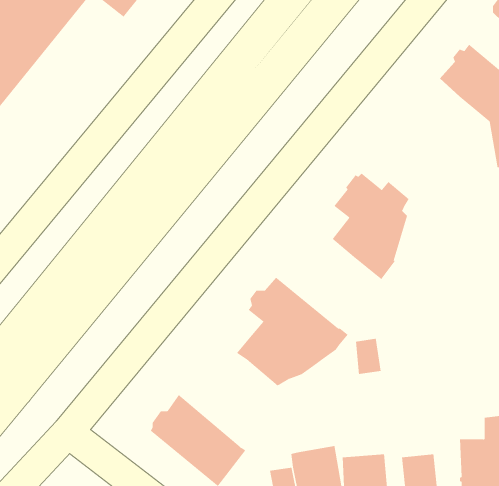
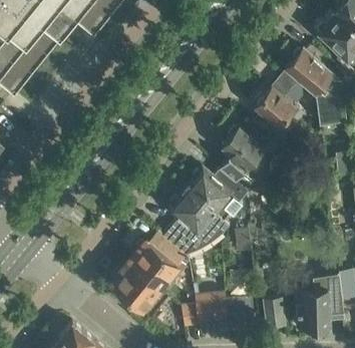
building: none -> [254,81,310,143]
building: none -> [187,167,250,222]
building: none -> [127,234,189,294]

